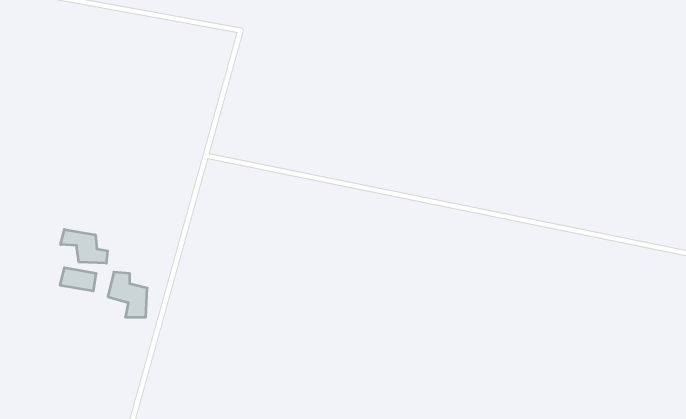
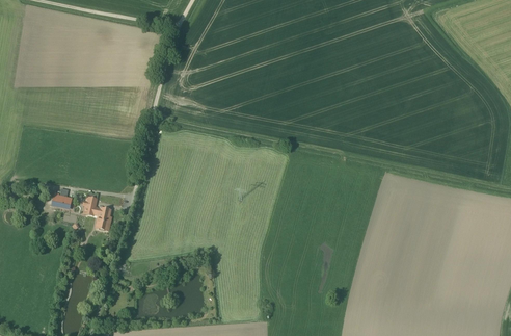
building: [61,229,108,263] -> none

